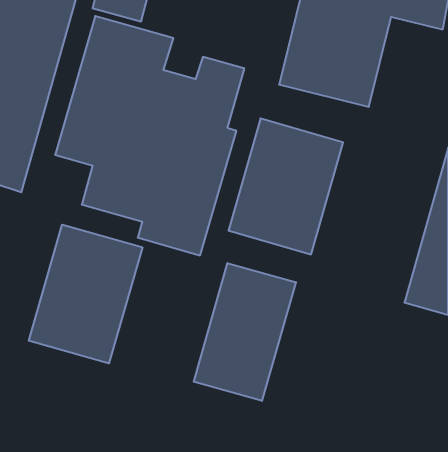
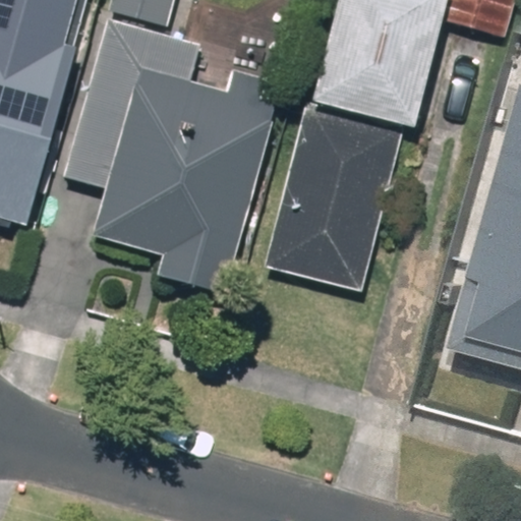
building: [29,225,142,363] -> none
building: [194,263,296,401] -> none

